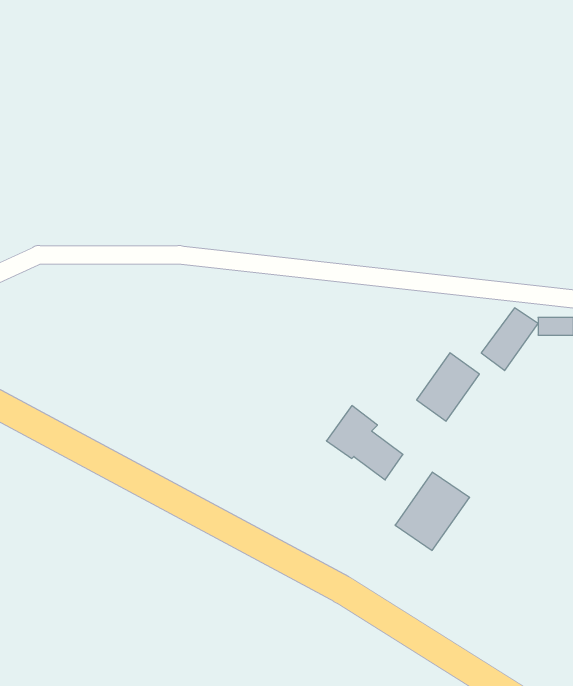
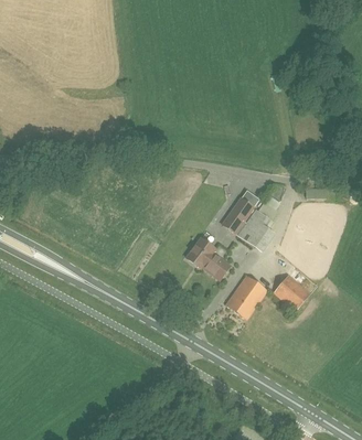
building: [481,308,538,371] -> [222,197,254,233]
building: none -> [273,273,310,310]

